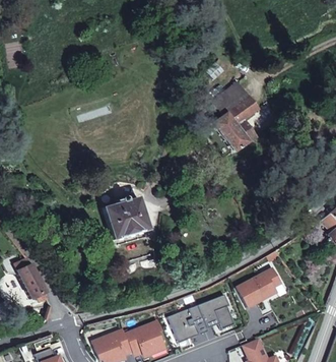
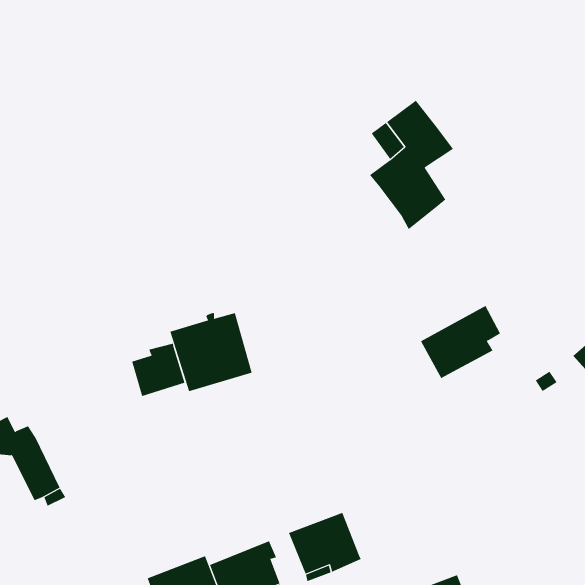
building: none -> [131,343,185,397]
building: [238,267,281,307] -> [420,305,501,379]
building: [198,294,234,328] -> none

